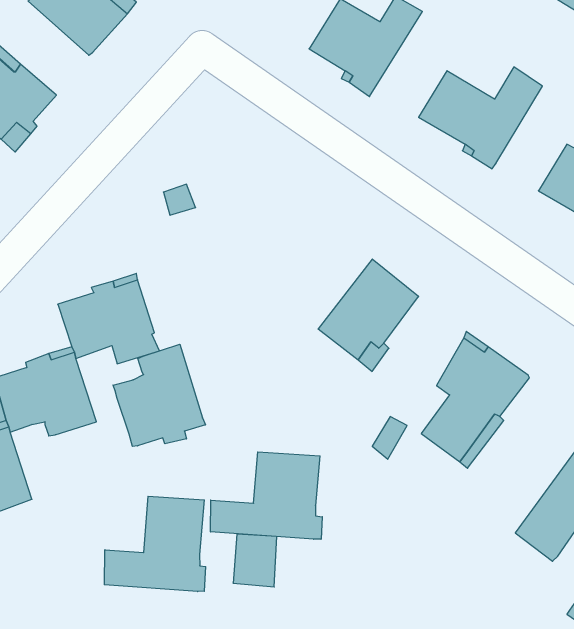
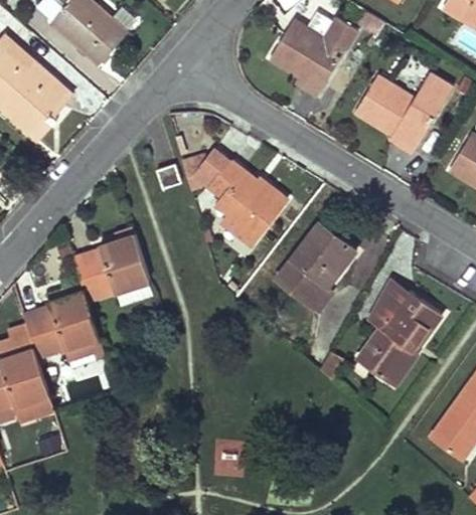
building: none -> [182,152,285,244]
building: [113,344,205,446] -> none
building: [211,452,322,539] -> none
building: [104,496,206,592] -> none

